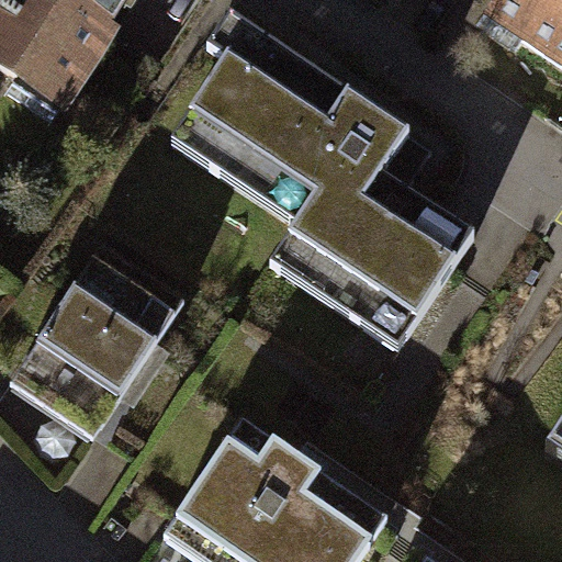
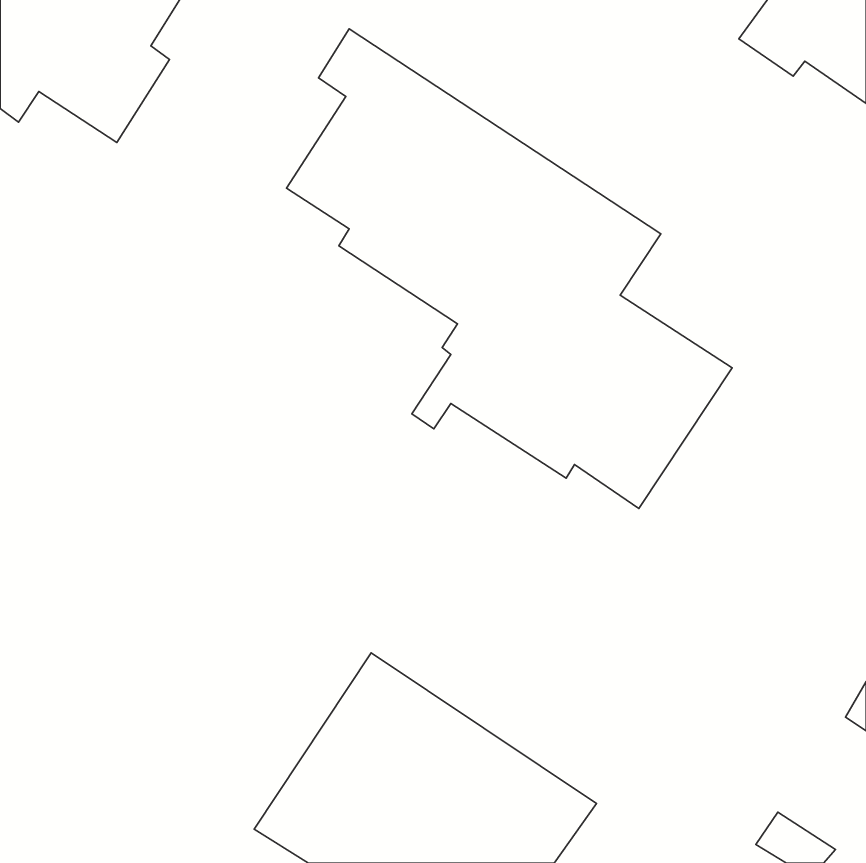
building: [9,247,183,440] -> none

